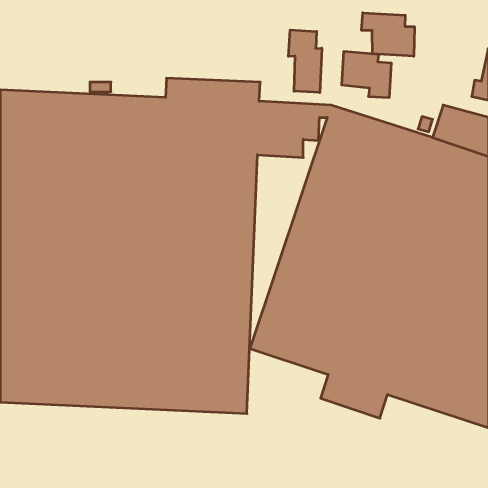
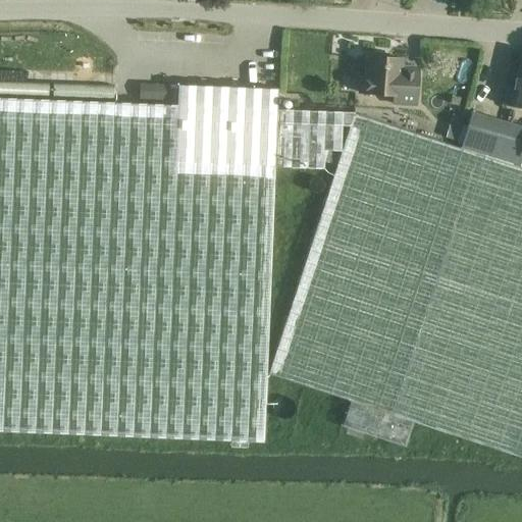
building: [362,13,414,56] -> none
building: [288,30,322,93] -> none

